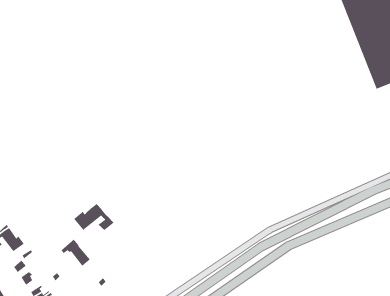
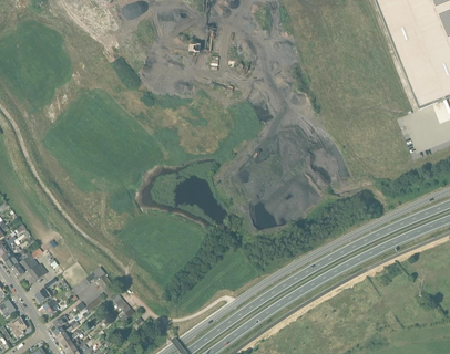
building: [73,203,114,231] -> none

